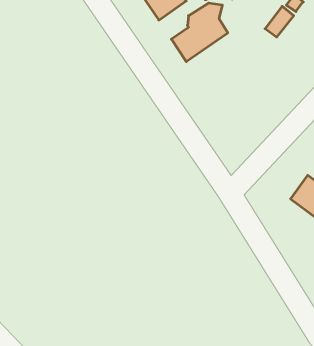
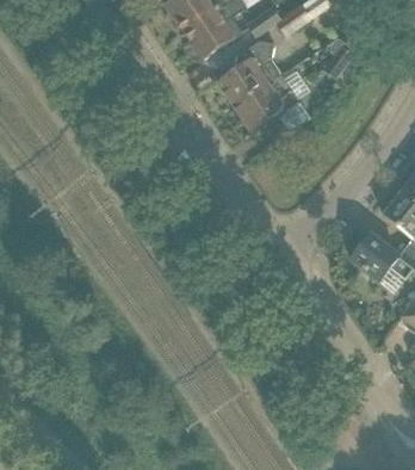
building: none -> [234,74,299,131]

